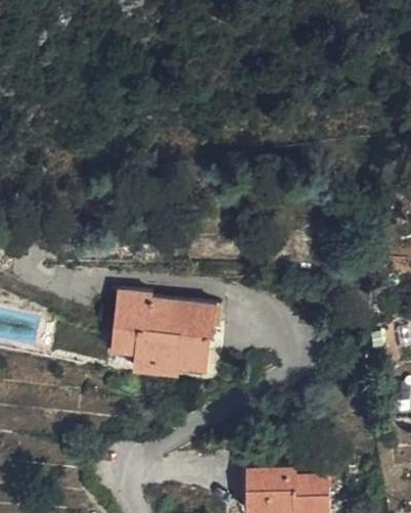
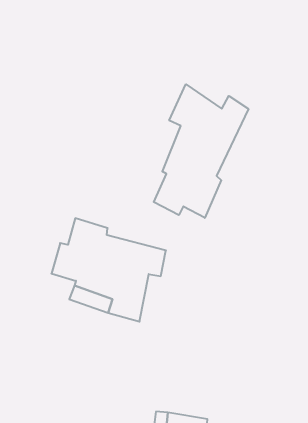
building: none -> [154,84,248,218]

